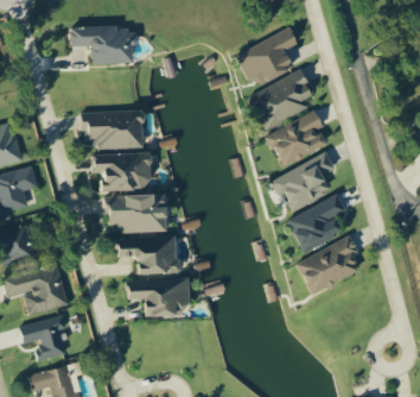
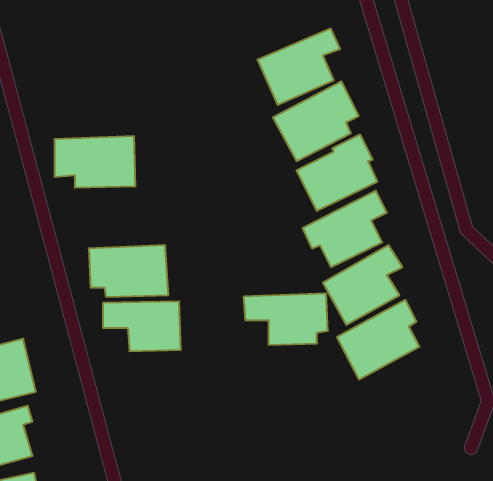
building: [70,25,135,64] -> none
building: [90,152,151,191] -> none
building: [126,278,190,317] -> [244,294,328,345]

